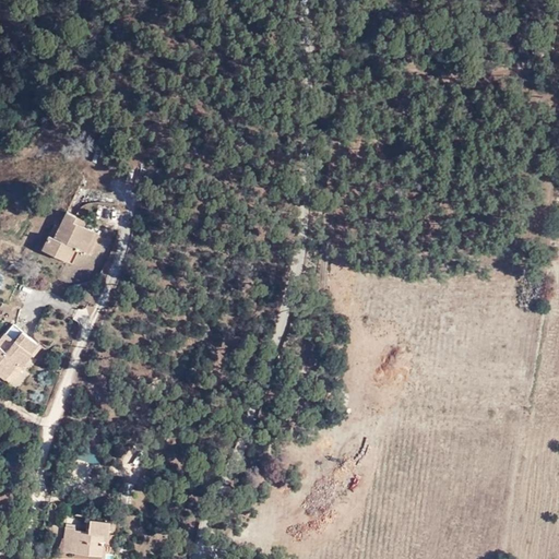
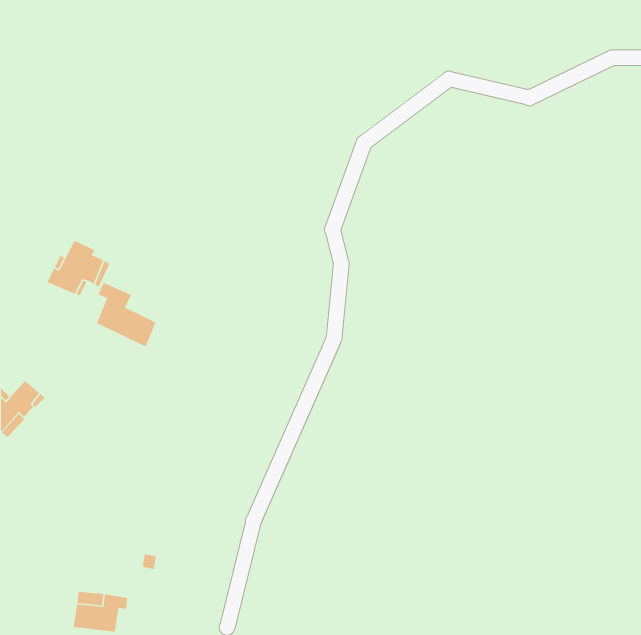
building: none -> [96,282,157,347]

